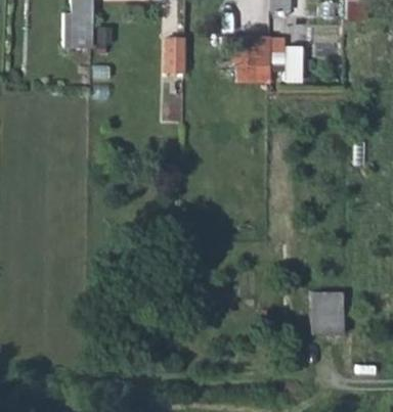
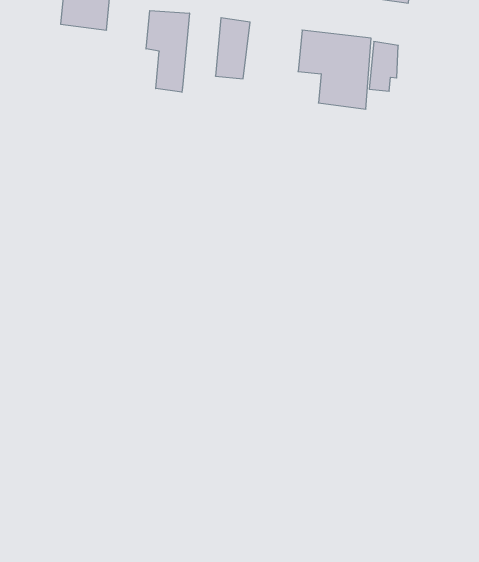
building: none -> [146,11,189,92]
building: [312,290,344,332] -> none

